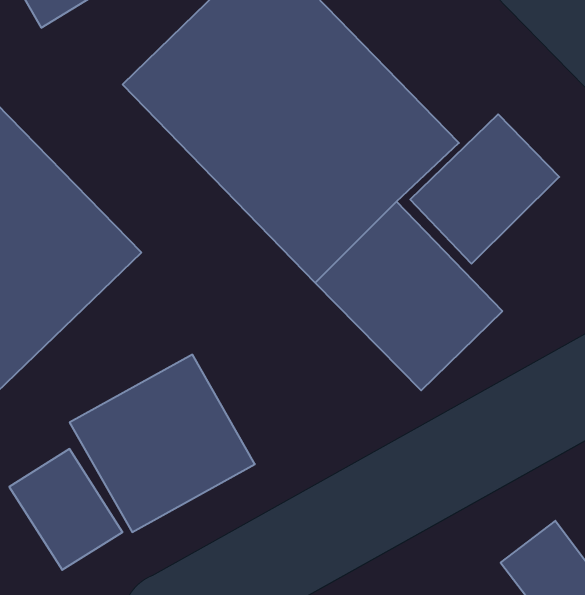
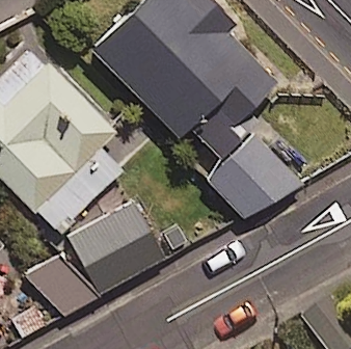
building: [410,114,559,264] -> none

